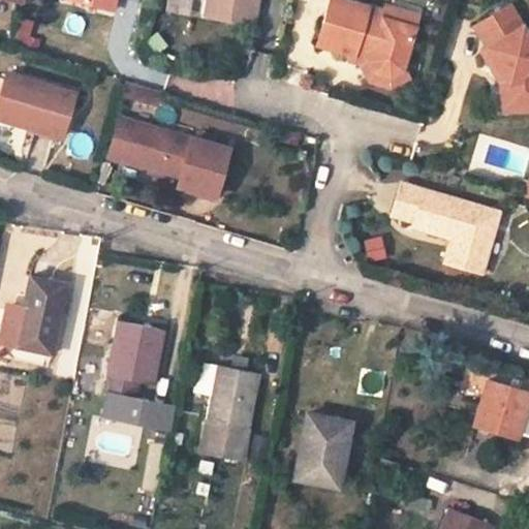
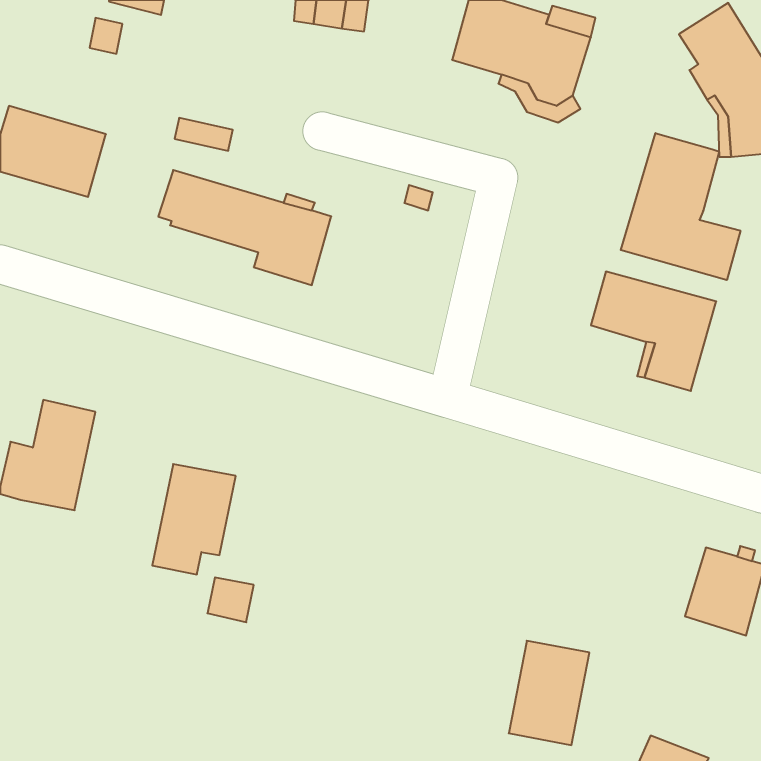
building: none -> [621,133,740,280]
building: [388,183,421,222] -> none
building: [200,366,261,462] -> none
building: [102,393,150,426] -> none
building: [295,415,351,488] -> [509,641,589,745]

